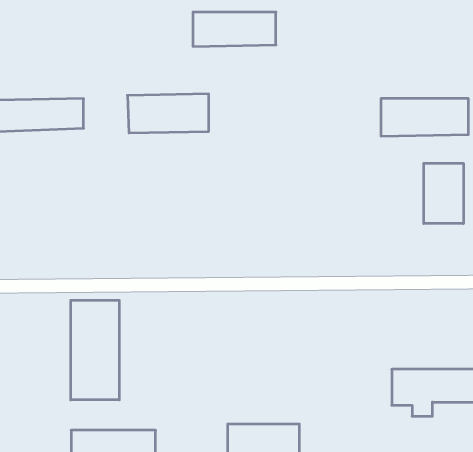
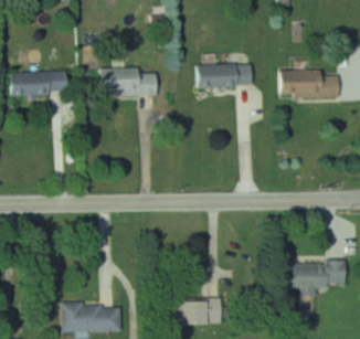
building: [193,12,276,46] -> [195,63,254,87]
building: [424,163,463,224] -> none
building: [71,300,119,400] -> none

